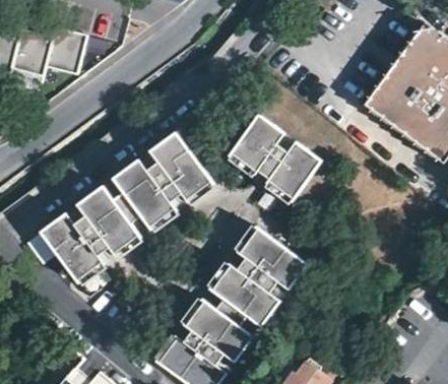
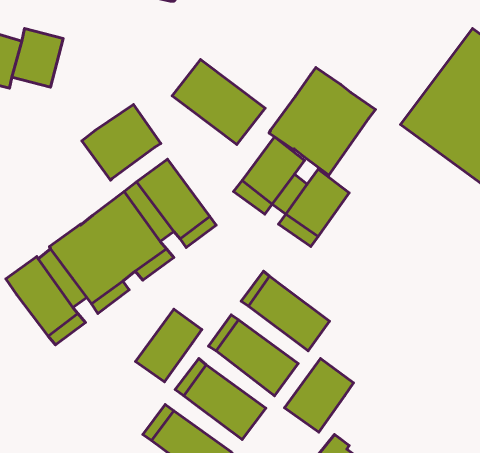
building: none -> [172,60,265,144]
building: none -> [269,67,376,175]
building: none -> [82,105,161,180]
building: none -> [136,309,202,382]
building: none -> [285,358,354,432]

